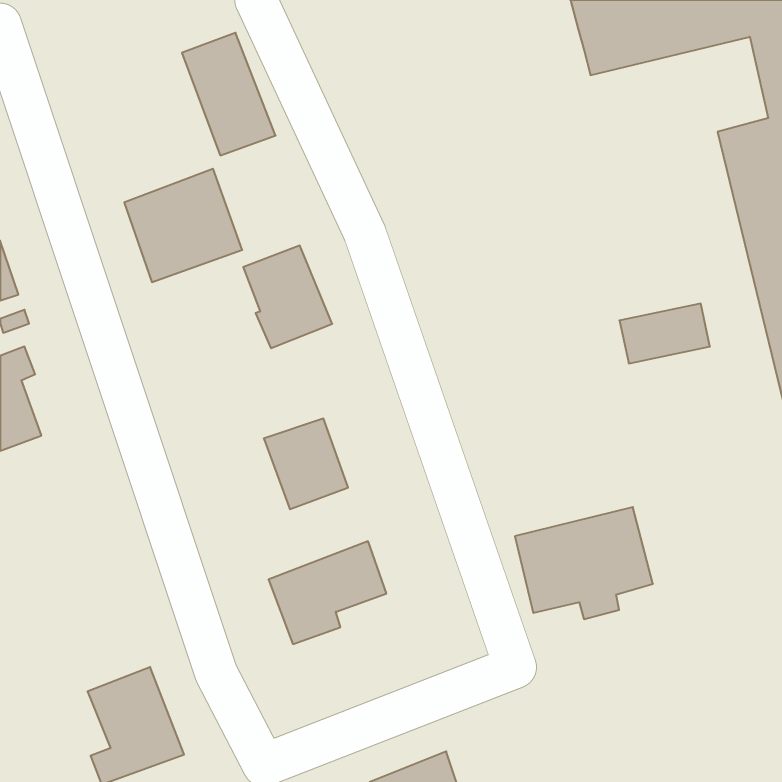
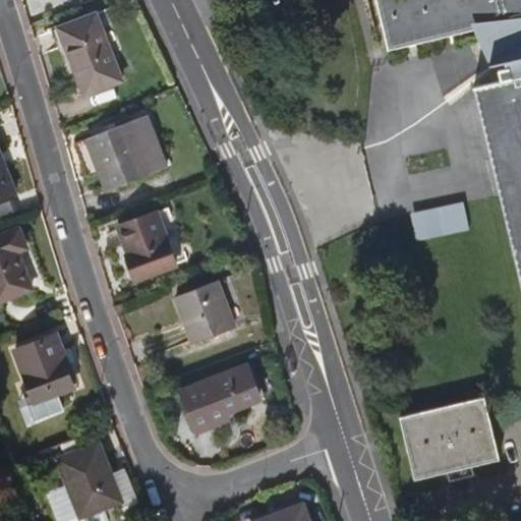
building: [182,33,276,155] -> [59,14,121,96]
building: [243,246,332,348] -> [118,210,177,278]
building: none -> [18,336,75,423]
building: [515,507,653,619] -> [404,407,496,481]

